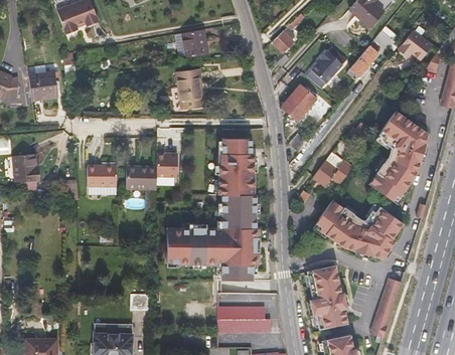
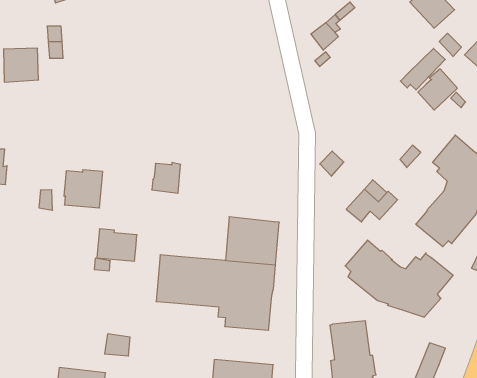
building: [174,29,208,58] -> none
building: [311,50,342,83] -> [418,69,457,110]
building: [176,69,204,109] -> none
building: [281,84,317,121] -> none
building: [219,137,256,193] -> none
building: [126,166,156,189] -> [97,229,137,261]

